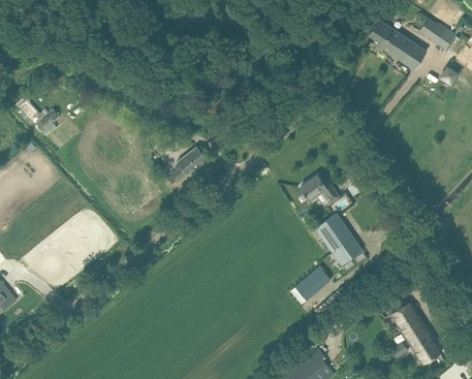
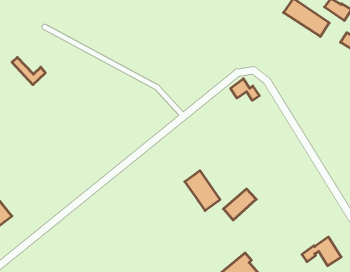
building: [167,147,207,184] -> none
building: [301,176,338,203] -> [231,79,259,100]
building: [316,214,361,265] -> [185,171,220,211]
building: [389,303,424,340] -> none

